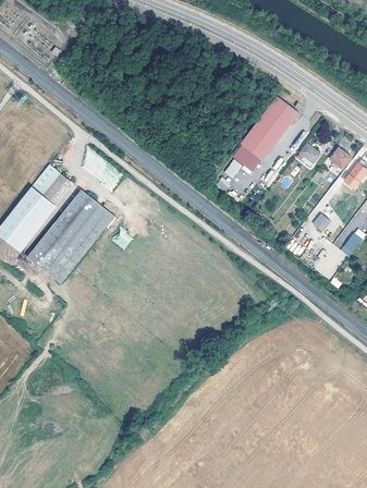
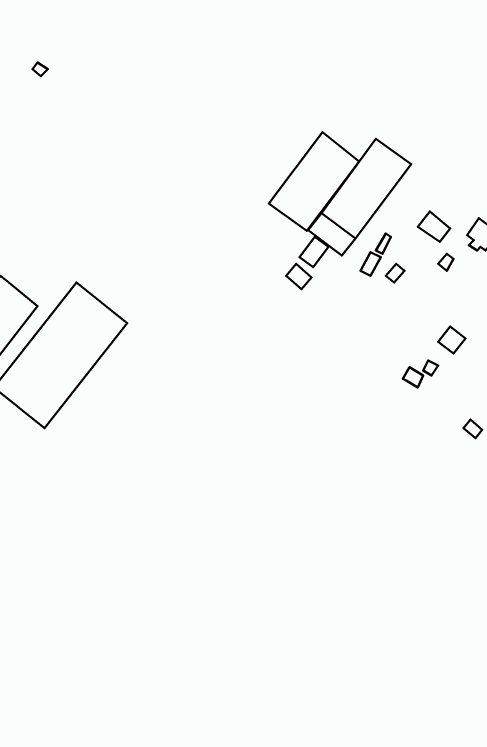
building: none -> [269,132,359,231]
building: [37,167,73,204] -> none

